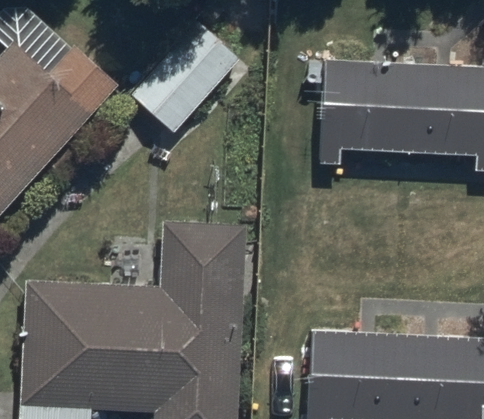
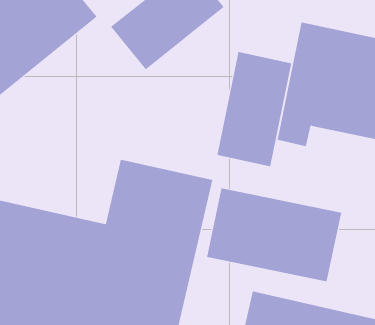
building: none -> [217,51,292,167]
building: none -> [206,188,342,282]

